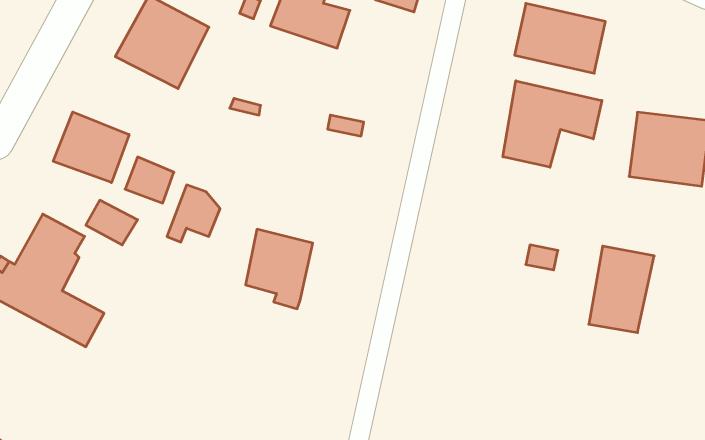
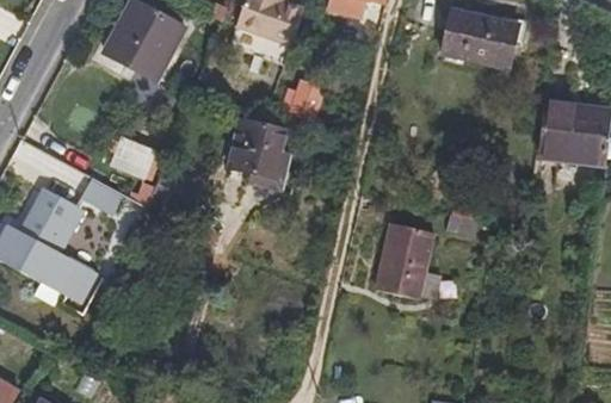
building: [503,81,602,167] -> none
building: [53,112,129,183] -> none
building: [246,229,313,309] -> [229,119,286,187]
building: [589,246,654,333] -> [381,223,437,297]

